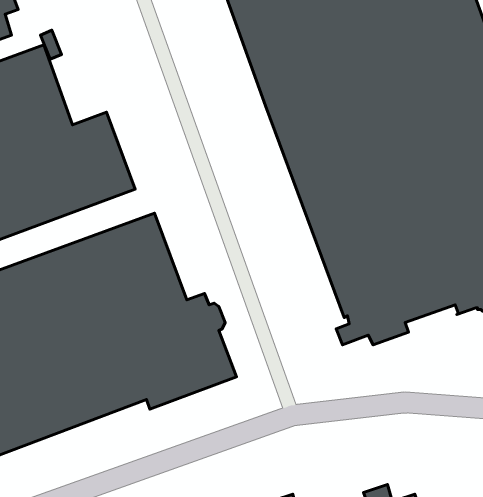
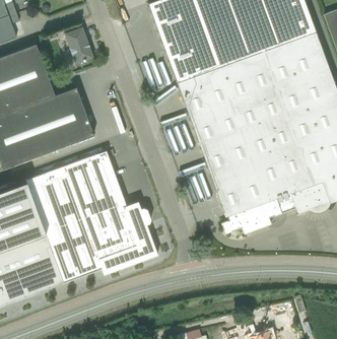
building: none -> [65,26,94,64]

